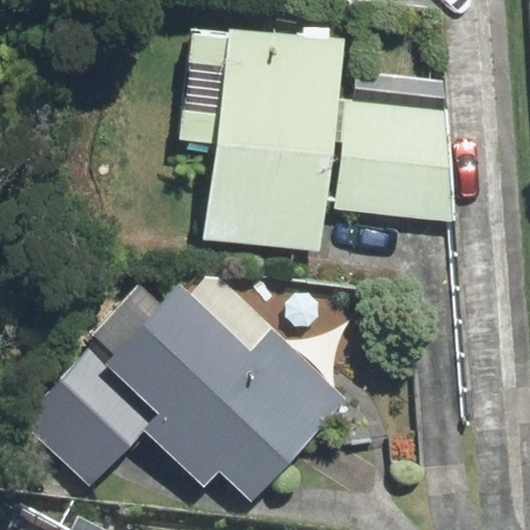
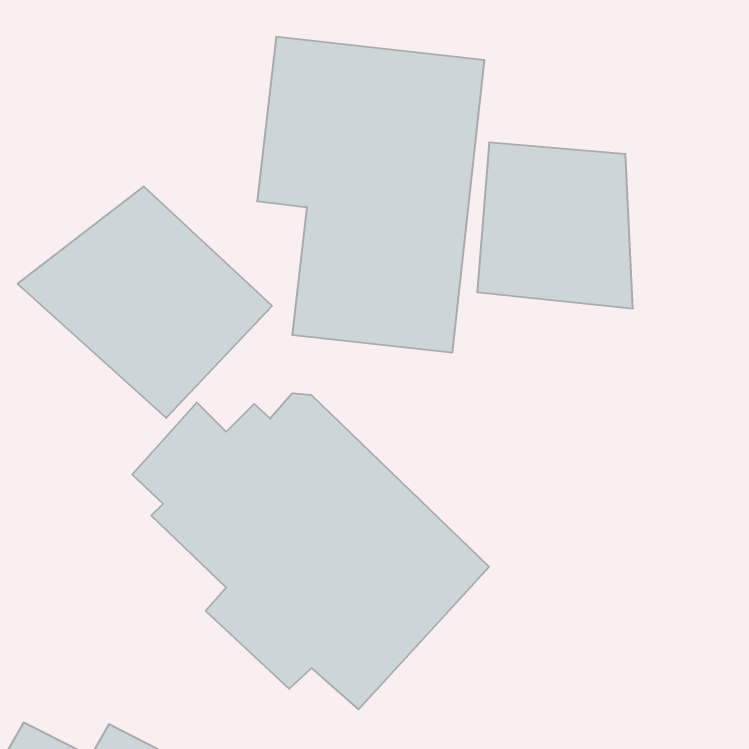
building: none -> [18,187,272,418]
building: [24,340,160,487] -> none

